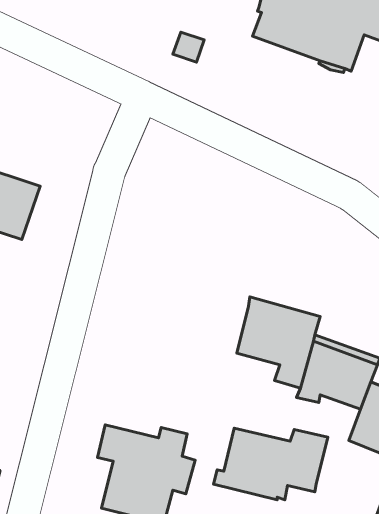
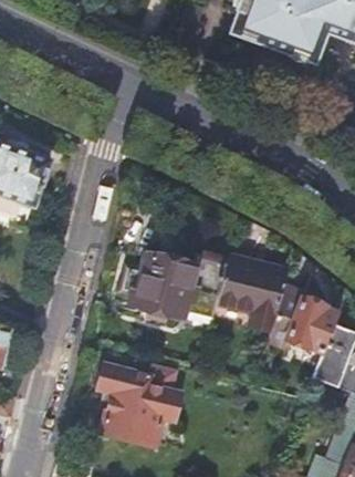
building: [213,428,328,500] -> [128,255,226,315]

